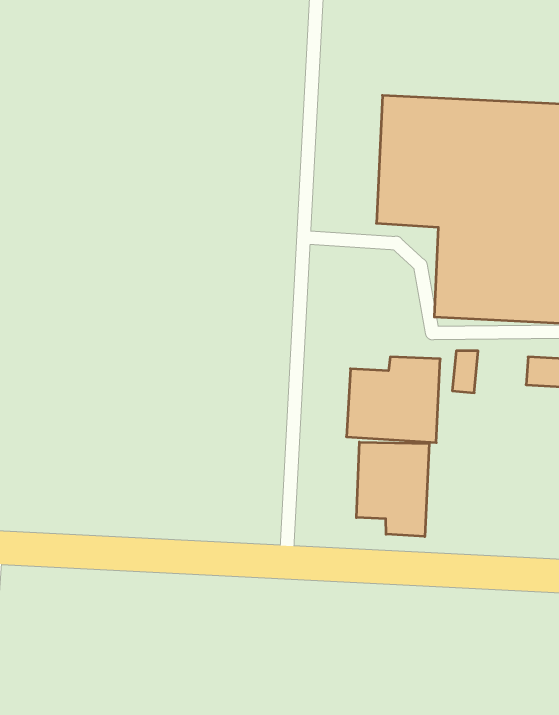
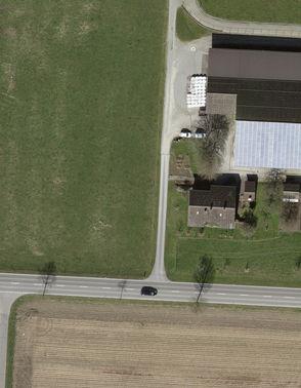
building: [356,442,429,537] -> none

